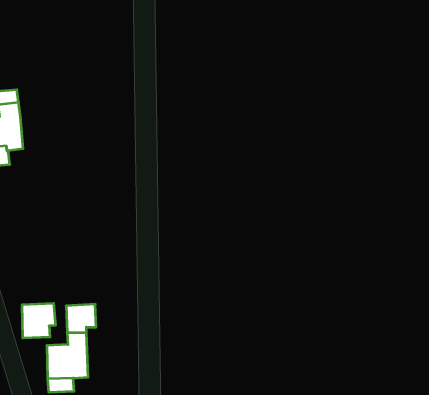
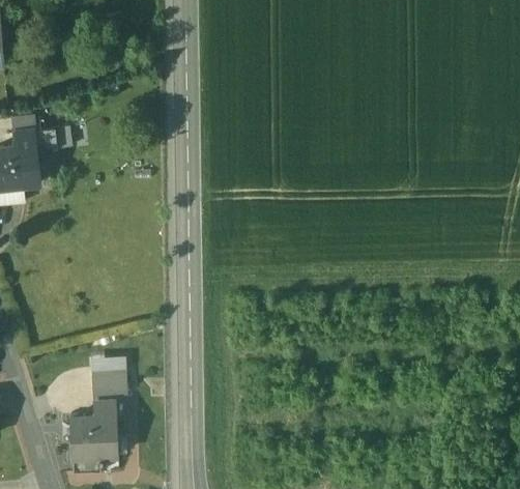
building: none -> [36,124,73,148]
building: [22,303,55,338] -> none

